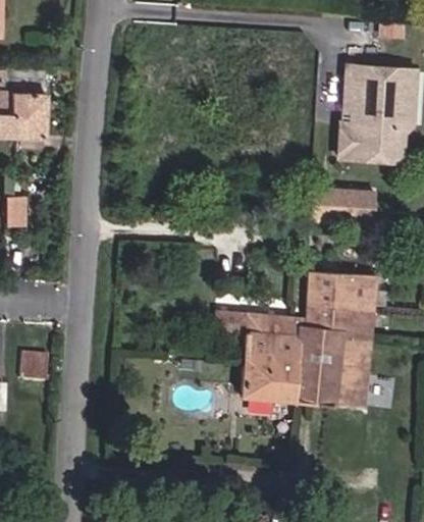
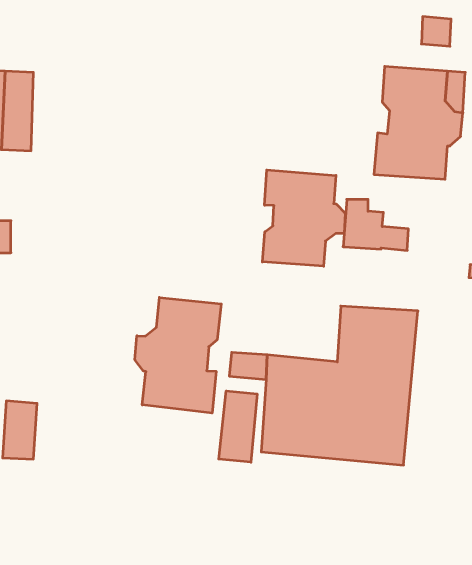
building: none -> [262,170,345,266]
building: none -> [135,297,221,413]
building: none -> [219,391,257,462]

